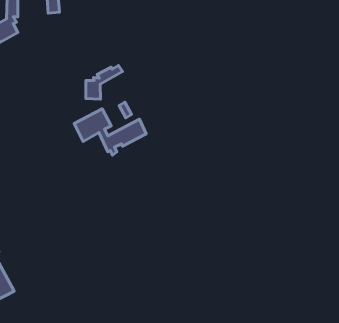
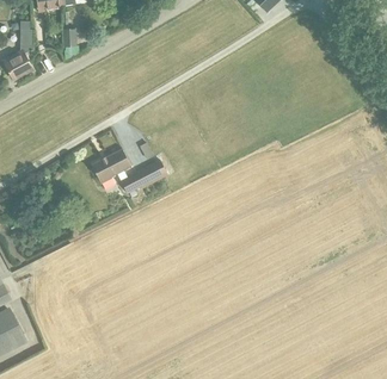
building: [86,66,123,99] -> none

